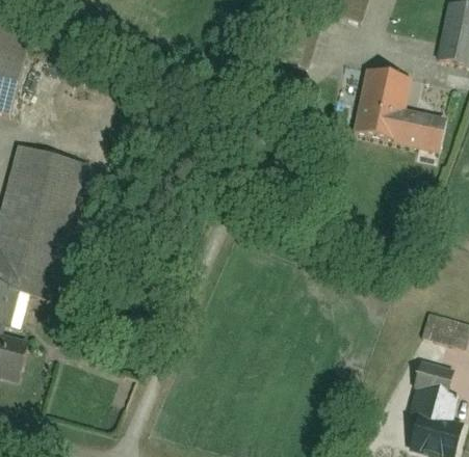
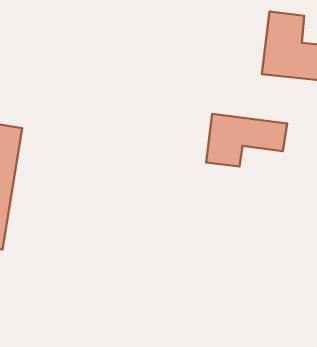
building: none -> [206,114,287,166]

